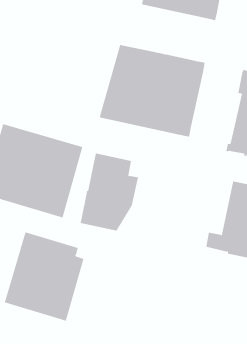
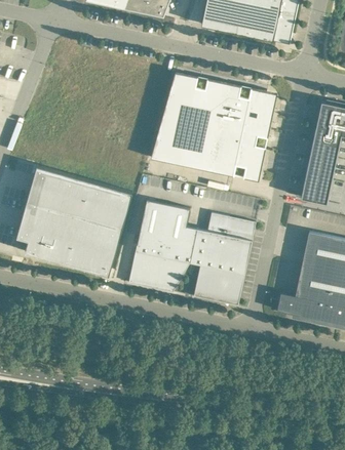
building: none -> [190,213,255,306]
building: [4,231,84,322] -> none

